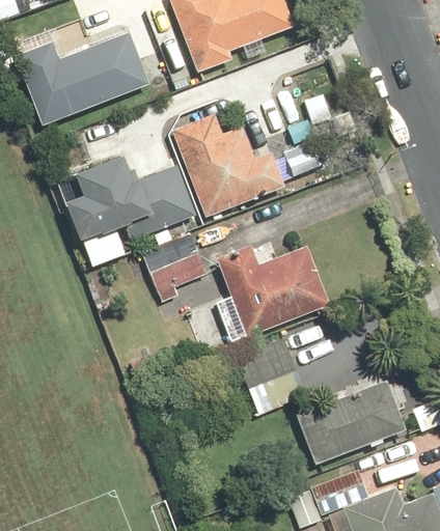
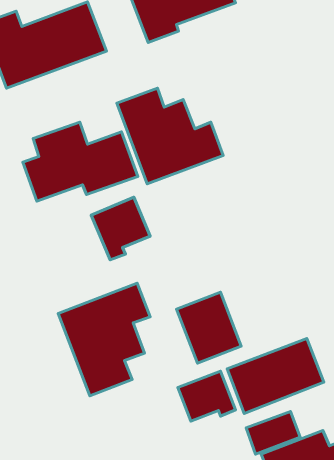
building: [214,247,327,344] -> none
building: none -> [58,283,150,396]
building: none -> [178,371,235,421]

